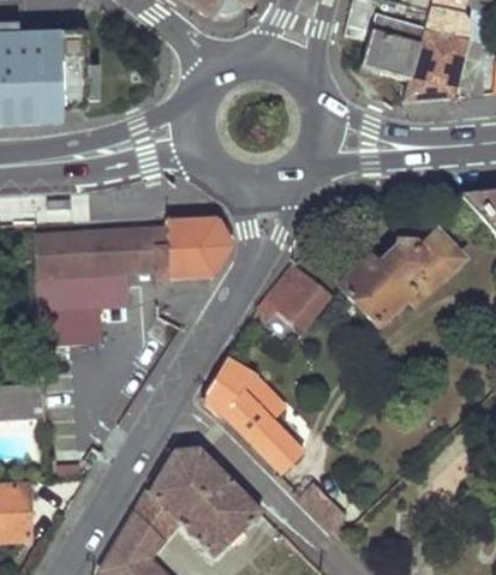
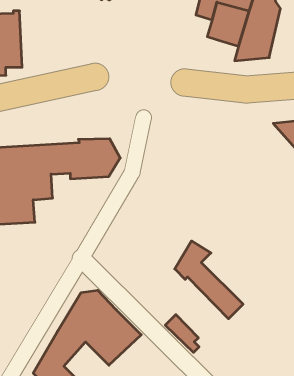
building: [339,230,461,323] -> none
building: [259,262,331,328] -> none
building: [203,357,305,473] -> [175,241,243,319]

